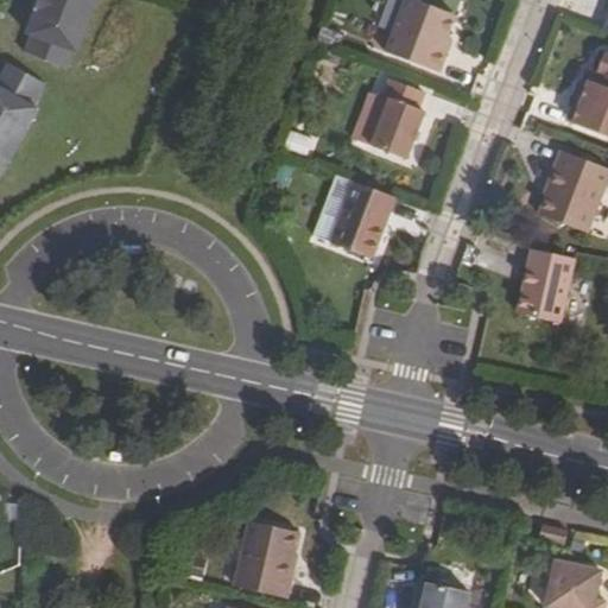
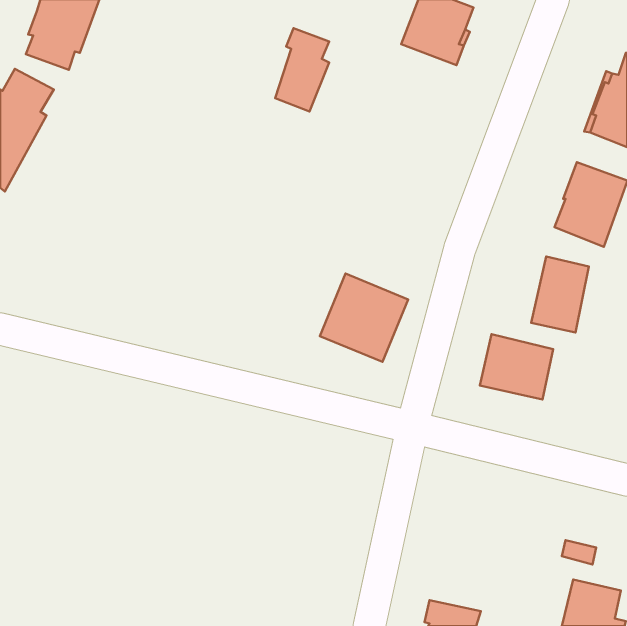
building: [375,70,428,151] -> [275,28,329,112]
building: [310,172,395,258] -> [320,274,408,362]
building: none -> [480,334,553,400]
building: [234,521,298,597] -> none

